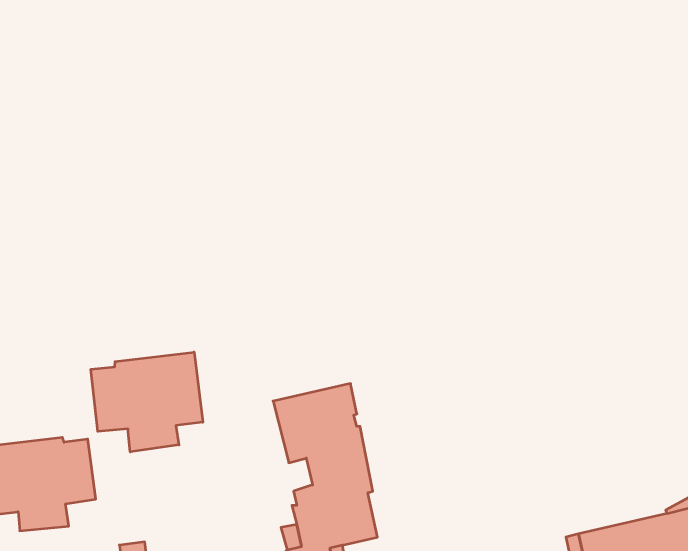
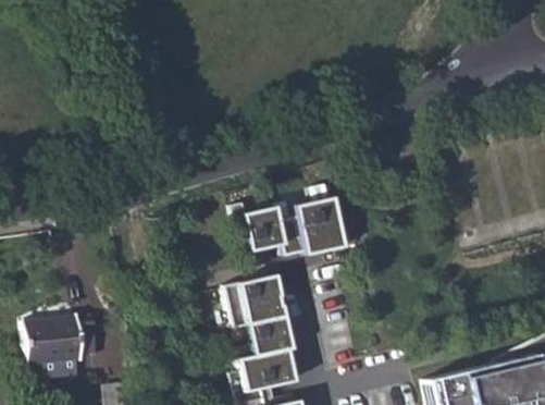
building: none -> [233,198,346,258]
building: [91,352,203,452] -> none

